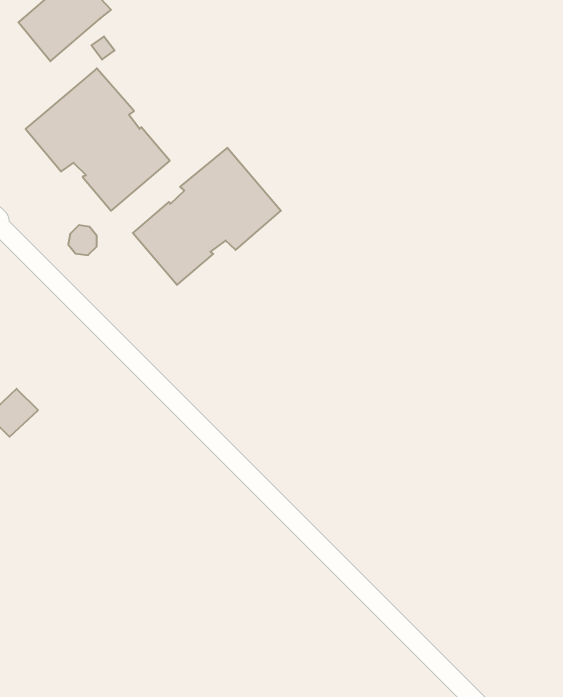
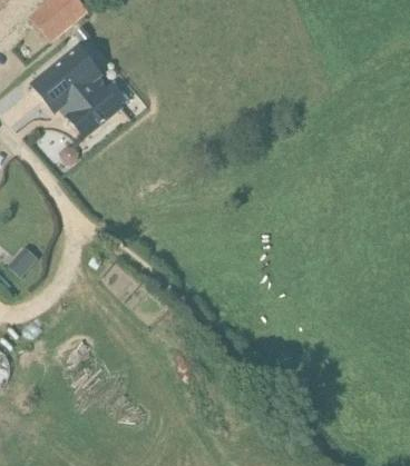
building: [133,148,281,285] -> none

